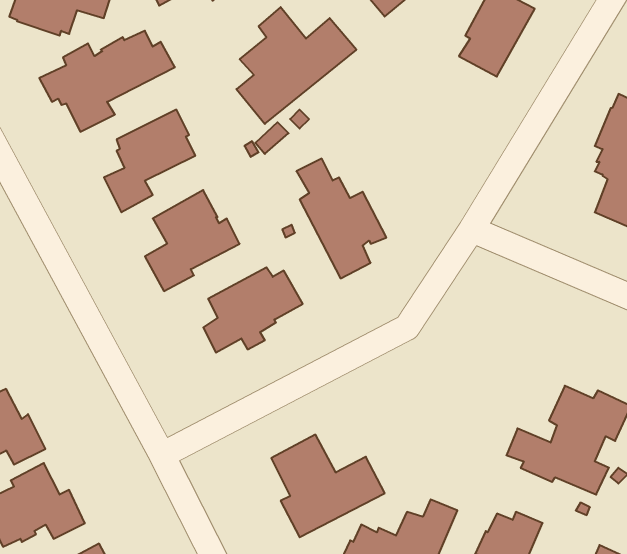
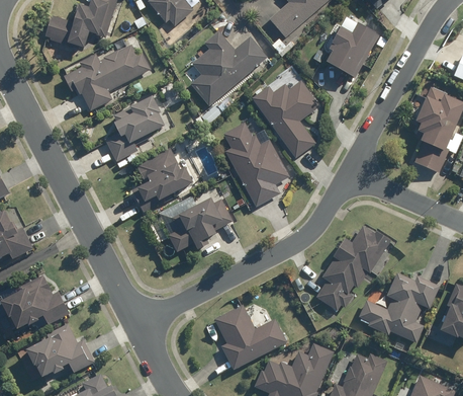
building: none -> [255,84,316,156]
building: none -> [320,226,394,311]

